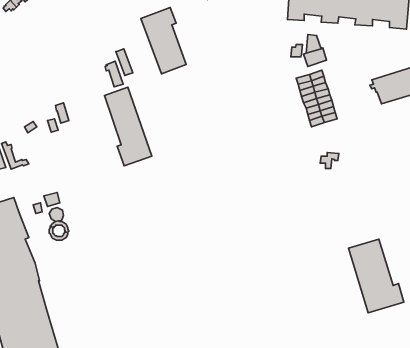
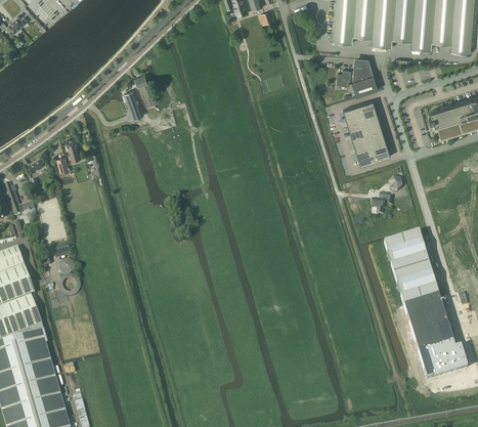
building: [141,7,186,74] -> none
building: [104,87,152,166] -> none
building: none -> [384,231,438,305]

